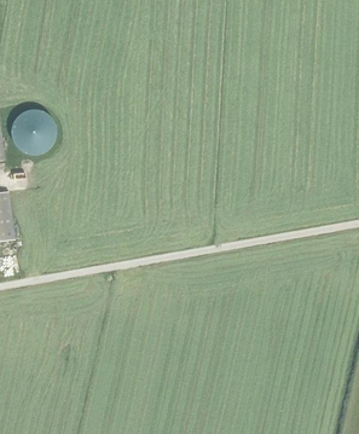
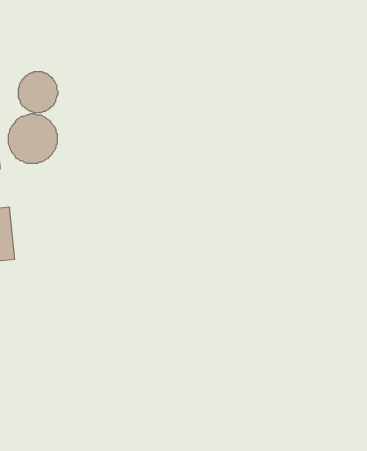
building: none -> [19,72,58,113]

